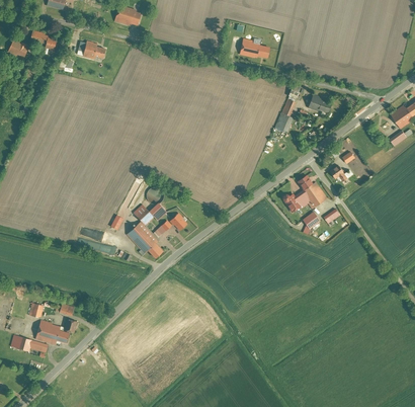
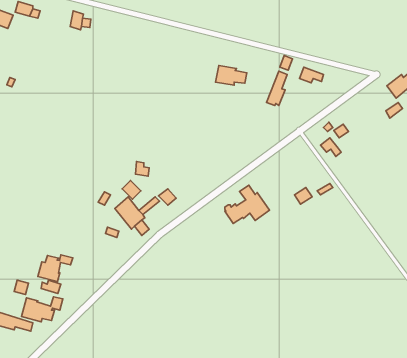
building: [239,39,269,59] -> [216,65,247,85]
building: [283,175,327,213] -> [225,185,270,224]
building: none -> [38,255,73,282]

